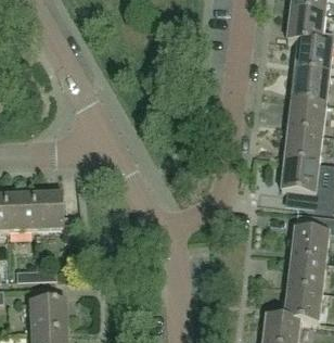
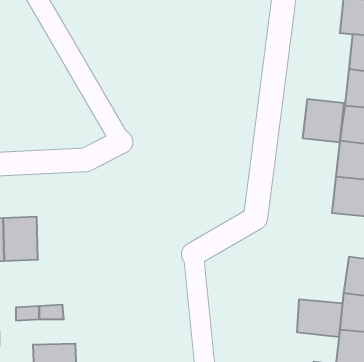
building: none -> [303,99,344,142]
building: [34,193,63,230] -> none
building: none -> [297,299,342,337]

